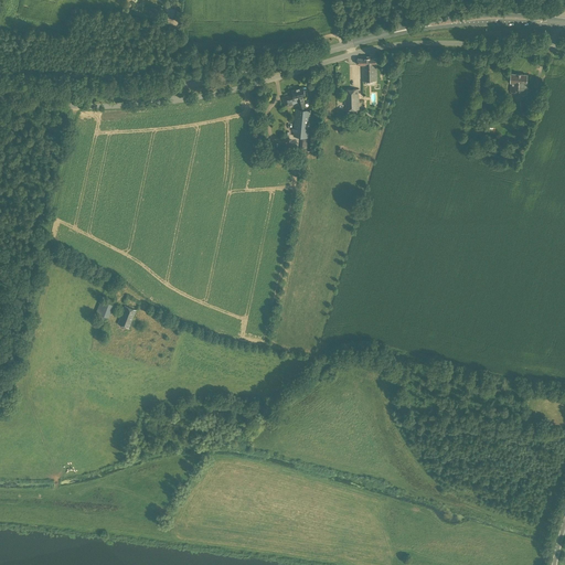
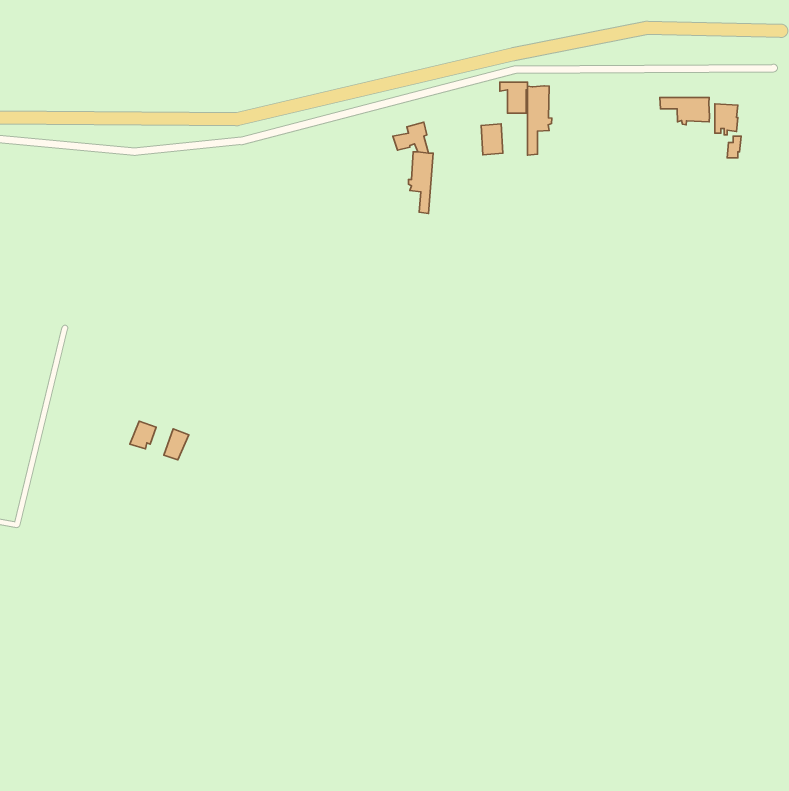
building: none -> [528,86,552,155]
building: none -> [660,97,709,125]

